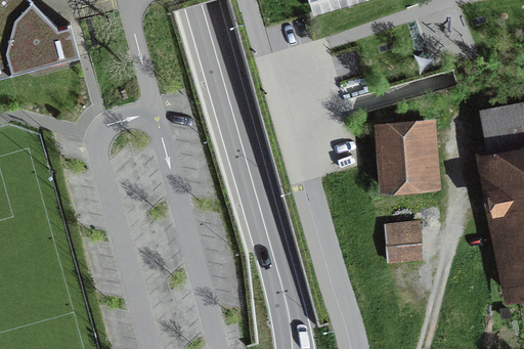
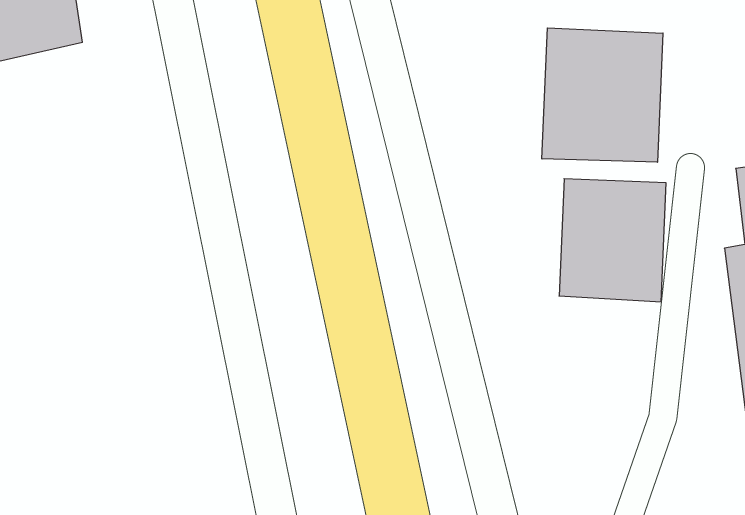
building: none -> [542,28,663,162]
building: [385,221,424,264] -> none

